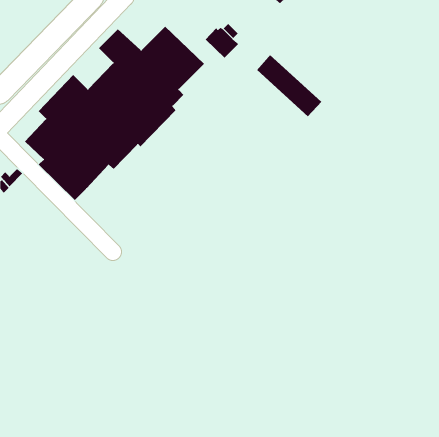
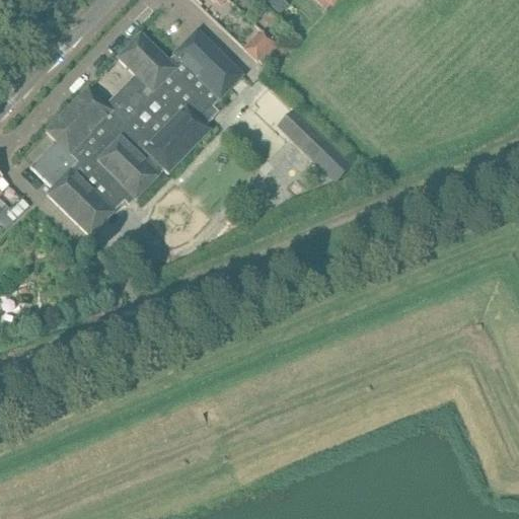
building: [256,54,322,117] -> [277,109,355,183]

